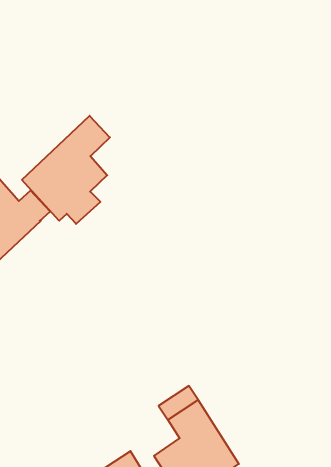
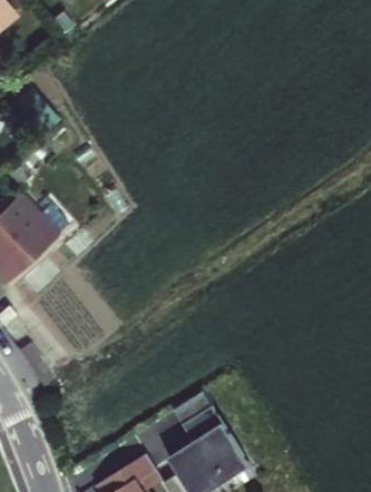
building: [22,116,110,224] -> none

